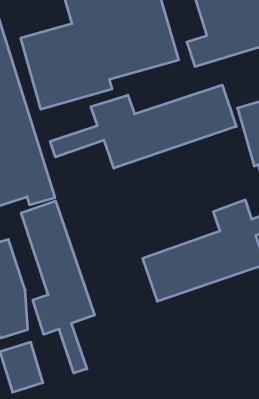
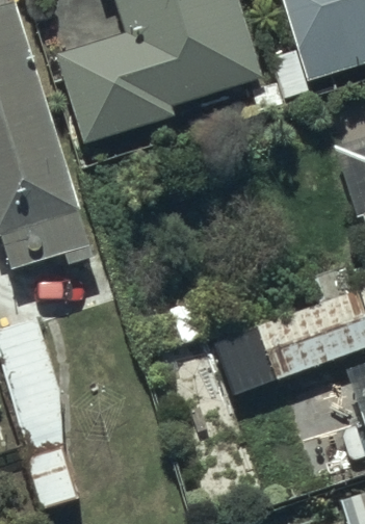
building: [50,85,236,168] -> none
building: [21,201,94,373] -> none

